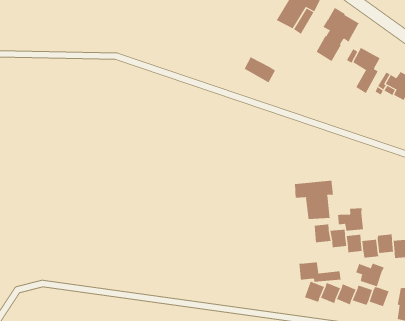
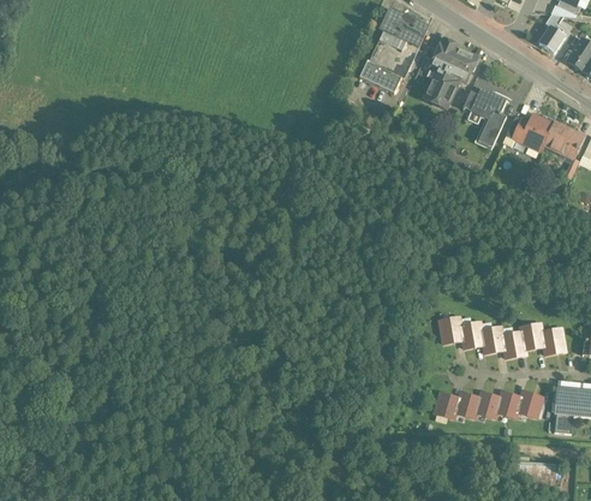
building: [244,56,276,83] -> [360,61,401,94]
building: [295,180,333,220] -> none
building: [338,207,364,232] -> none
building: [299,261,341,283] -> none
building: [355,263,384,287] -> none

